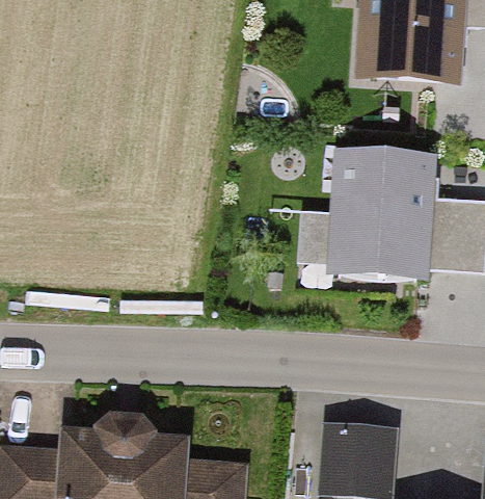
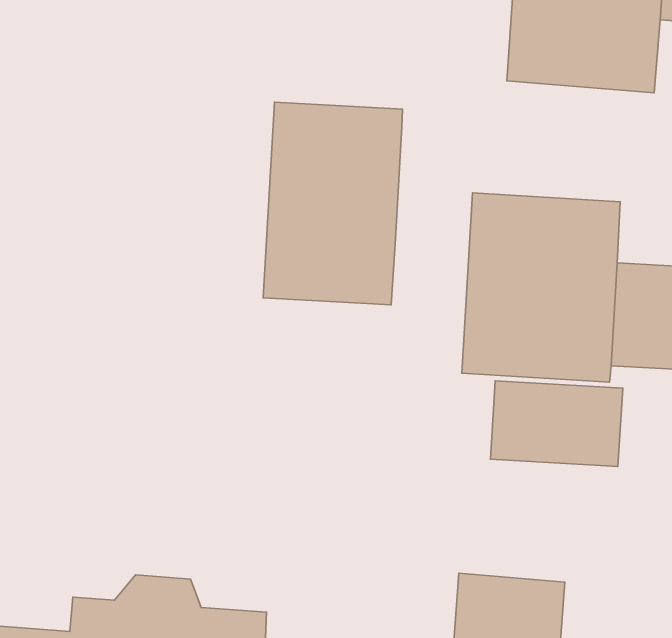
building: none -> [263,102,403,305]
building: none -> [490,381,623,466]

